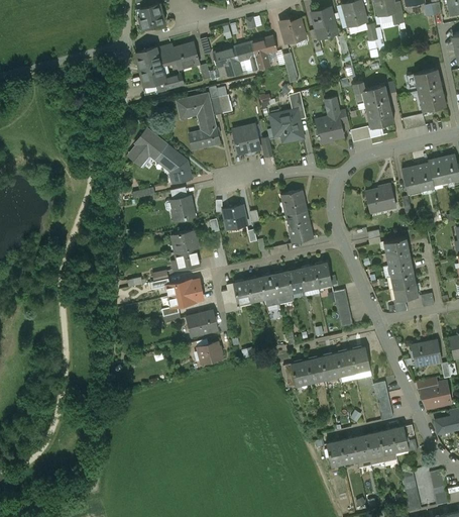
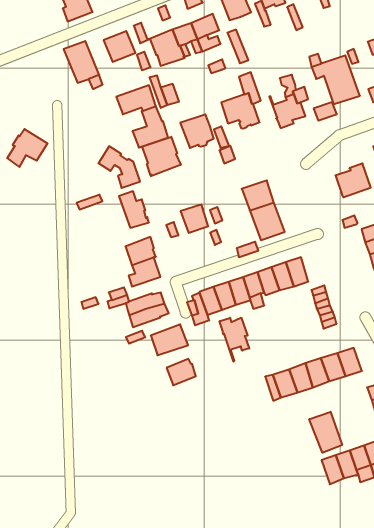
building: [129,129,166,163] -> [7,129,48,167]
building: none -> [142,137,181,176]
building: none -> [220,318,249,362]
building: none -> [309,412,342,453]

